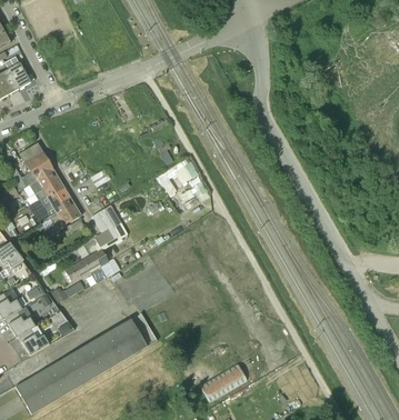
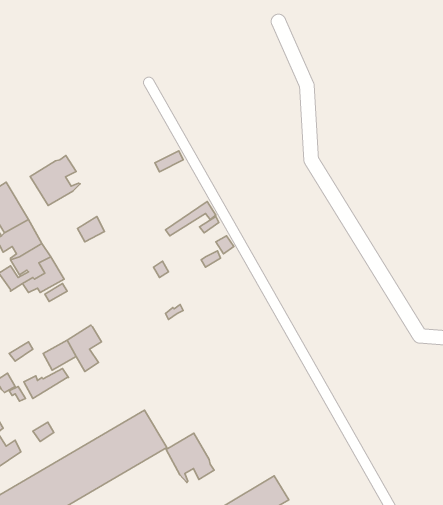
building: none -> [30,155,80,205]
building: [91,208,121,247] -> none
building: none -> [166,433,214,483]

